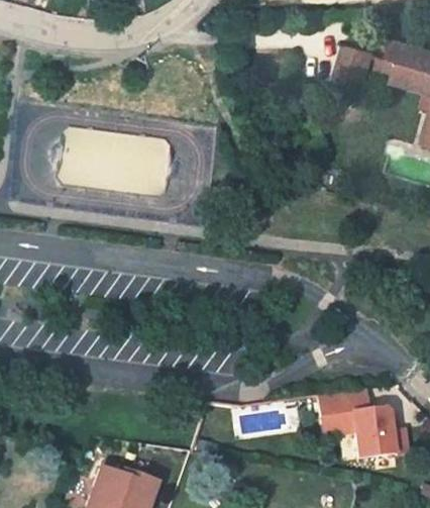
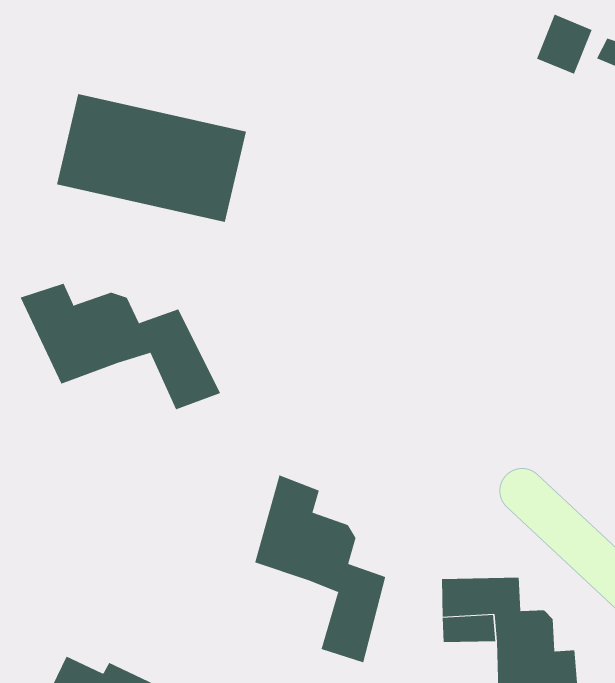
building: none -> [20,283,221,410]
building: none -> [255,475,386,663]

